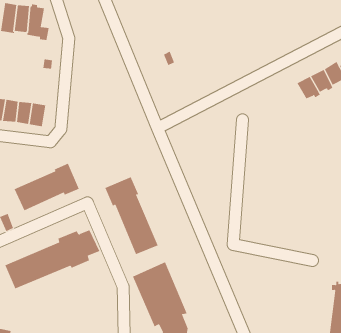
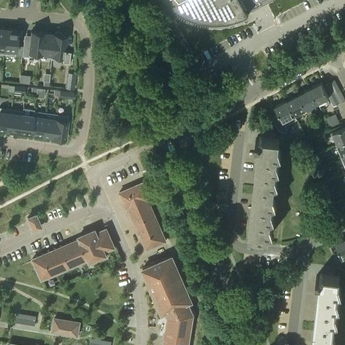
building: none -> [272,102,296,135]
building: none -> [249,137,282,239]
building: [14,163,79,211] -> none

